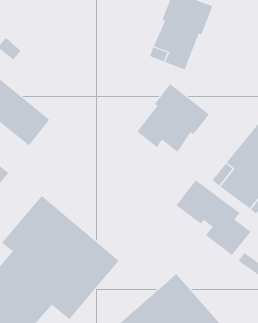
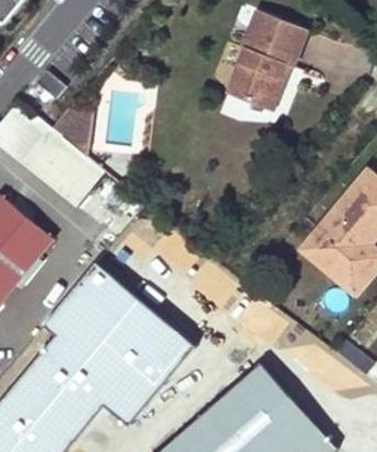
building: [137,83,210,153] -> none
building: [176,180,252,256] -> none

